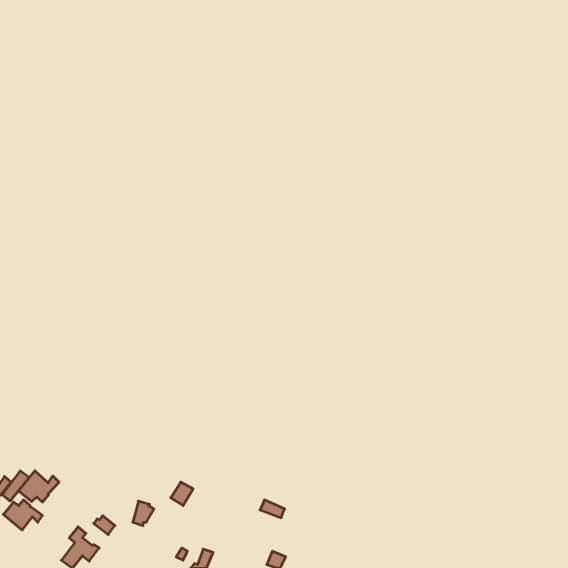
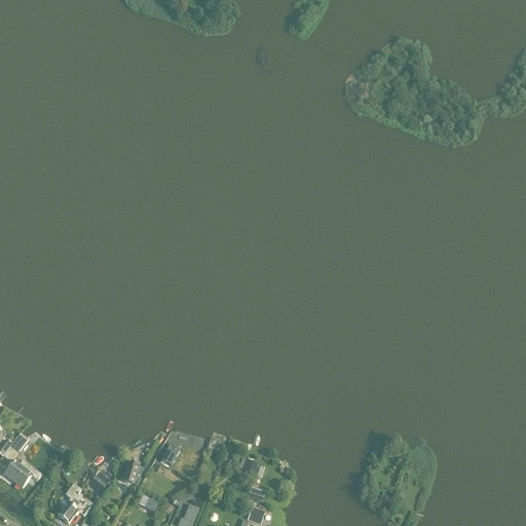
building: [18,471,59,502] -> none

